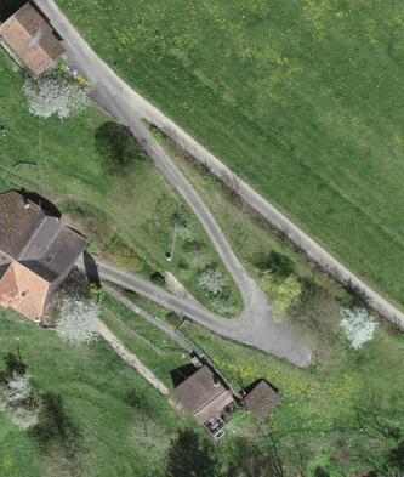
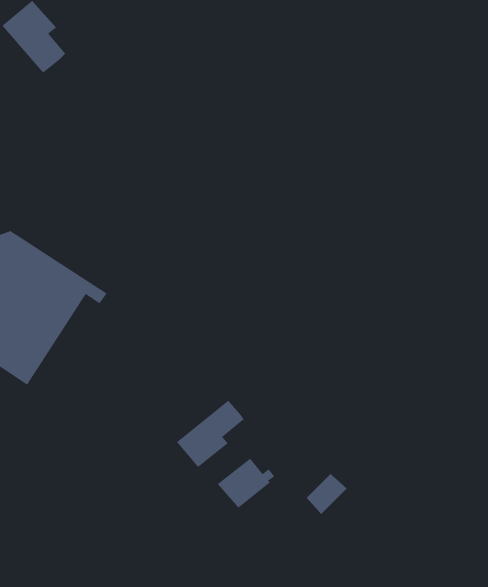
building: none -> [176,400,244,468]

